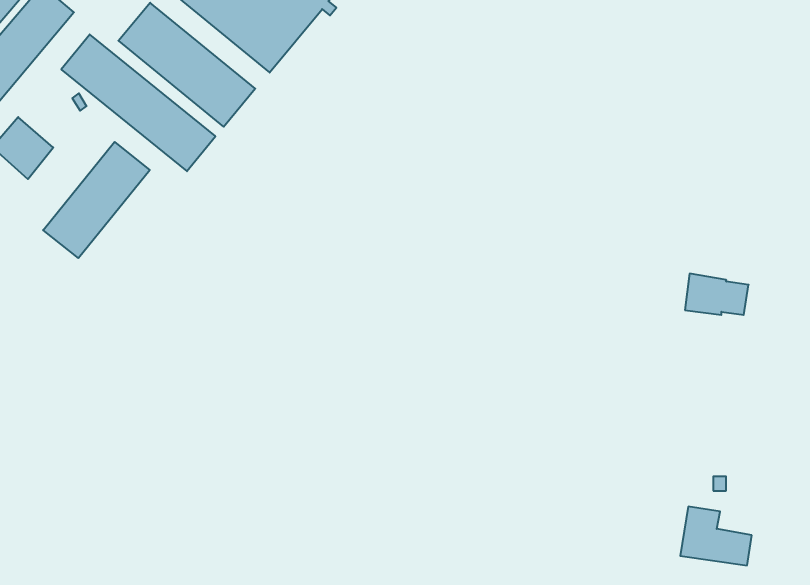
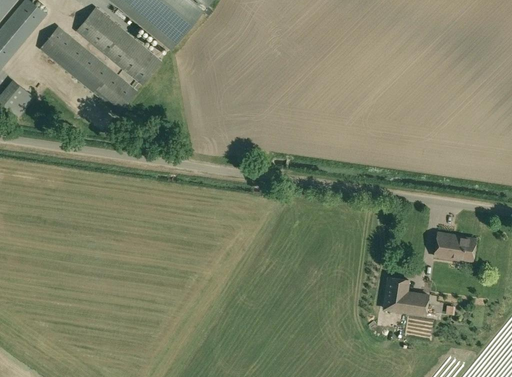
building: [43,142,150,258] -> none
building: [685,274,749,315] -> [434,232,474,258]
building: [680,507,752,565] -> [383,277,428,314]

